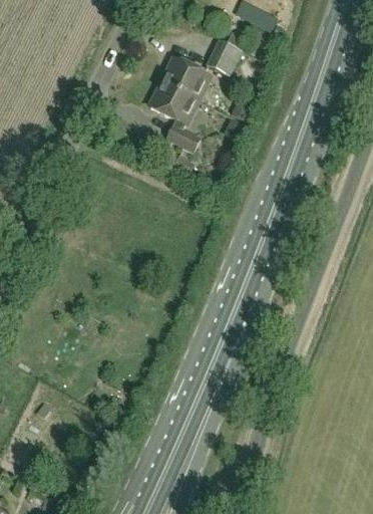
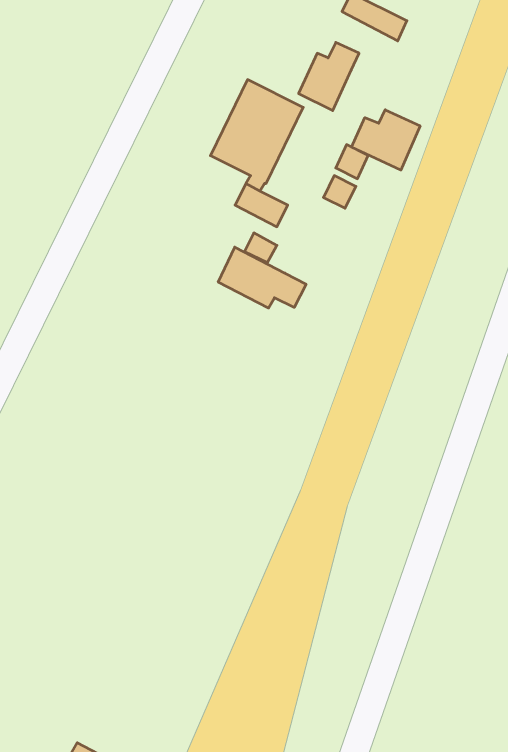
building: none -> [351,110,420,170]
building: none -> [218,247,306,308]

